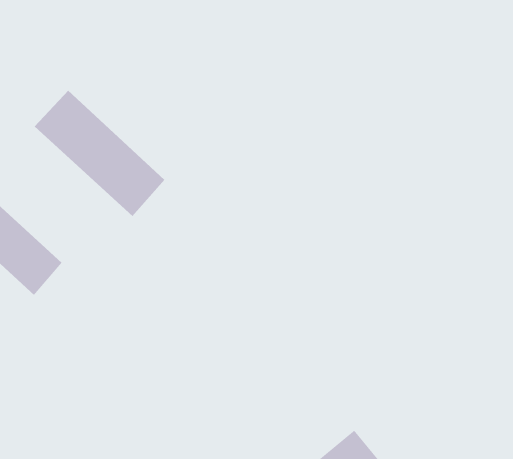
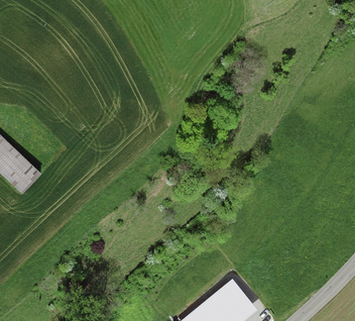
building: [34,90,165,217] -> none

